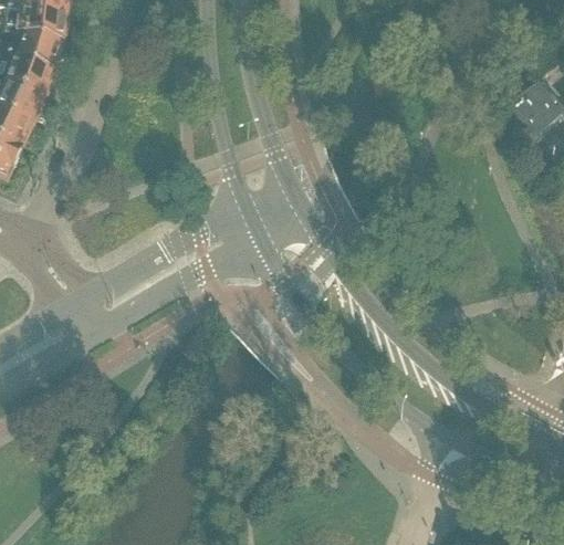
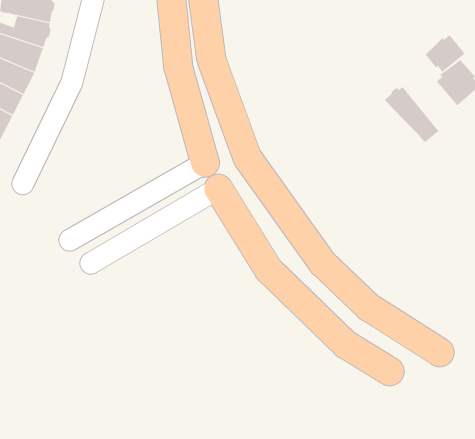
building: none -> [425,34,466,73]
building: none -> [384,86,439,143]

